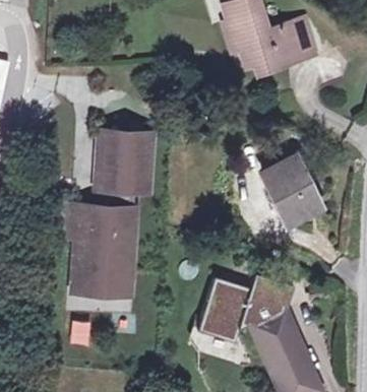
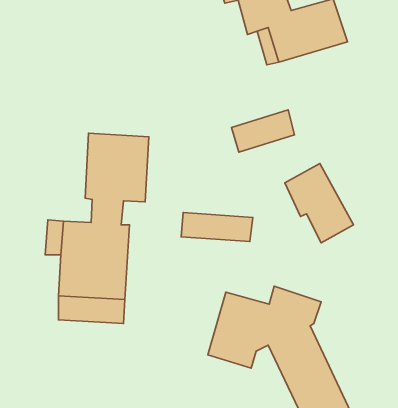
building: none -> [231,110,295,152]
building: none -> [181,213,253,242]

